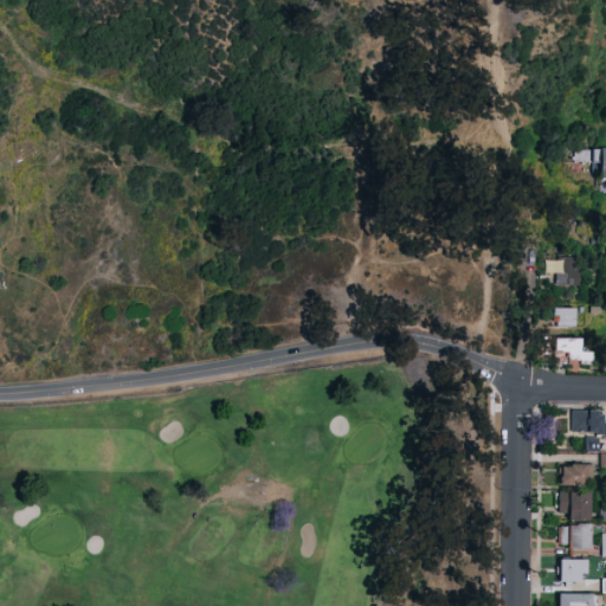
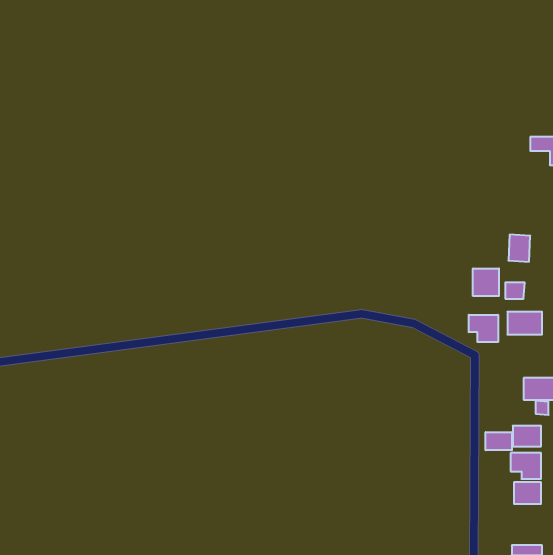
building: none -> [473,268,499,296]
building: none -> [469,315,498,342]
building: none -> [486,432,512,450]
building: [561,560,587,582] -> none

